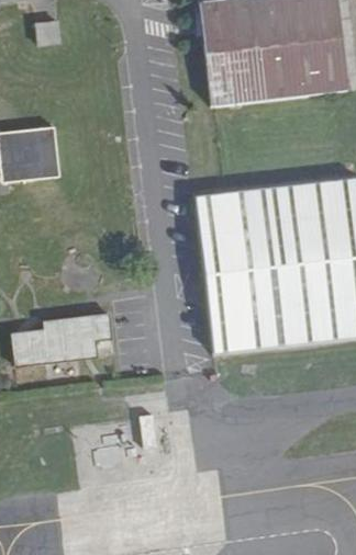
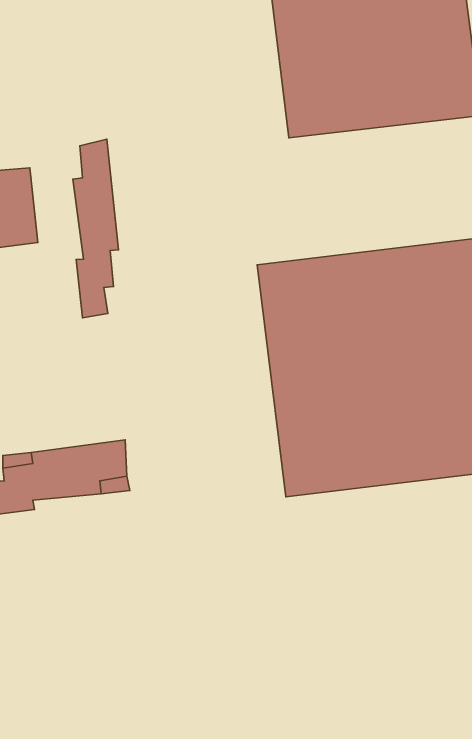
building: none -> [73,139,119,318]

